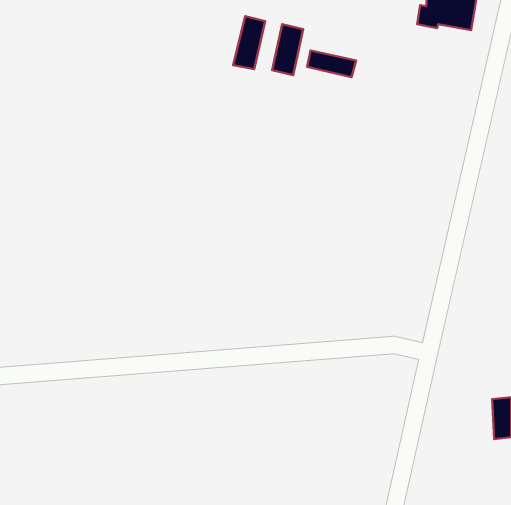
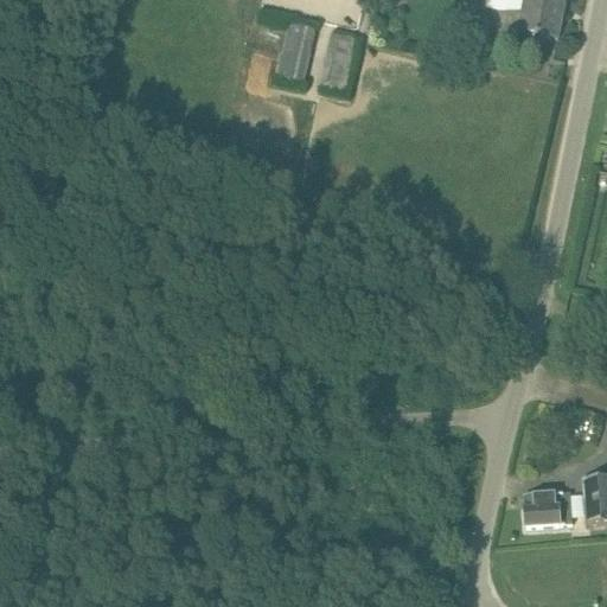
building: [307,50,356,77] -> none
building: none -> [524,488,573,524]

